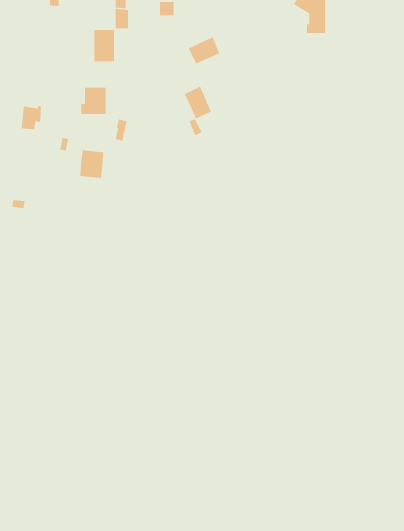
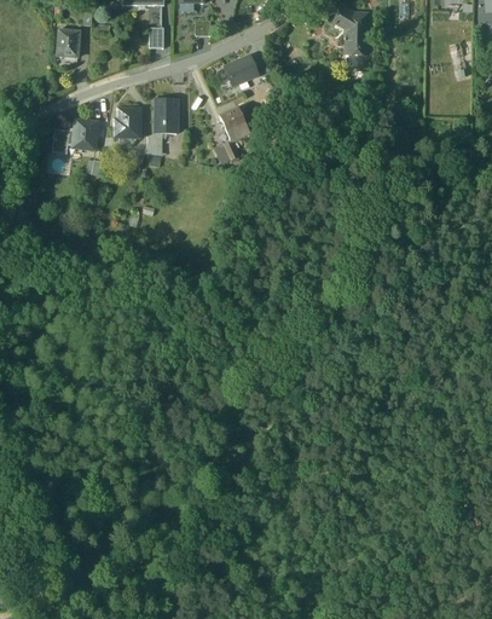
building: none -> [56,30,79,57]
building: [94,29,115,62] -> [154,98,175,132]
building: [80,149,104,179] -> [71,118,97,149]

